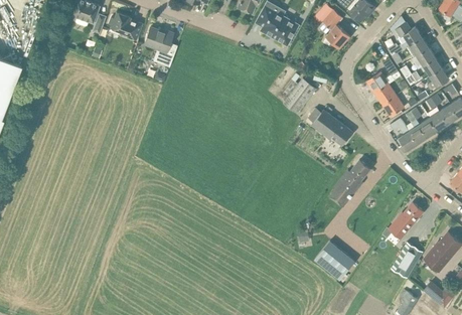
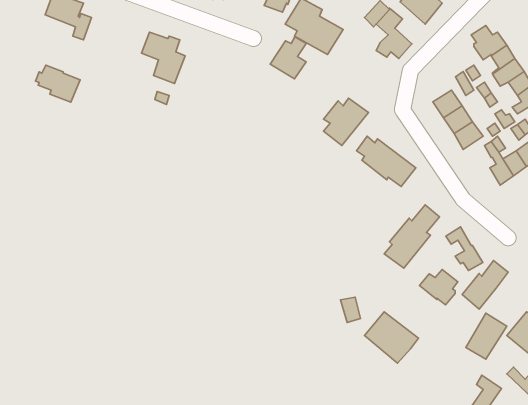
building: [109,12,143,40] -> [35,65,80,102]
building: none -> [270,37,306,79]
building: [390,117,418,150] -> [446,227,483,271]
building: none -> [419,270,458,305]

